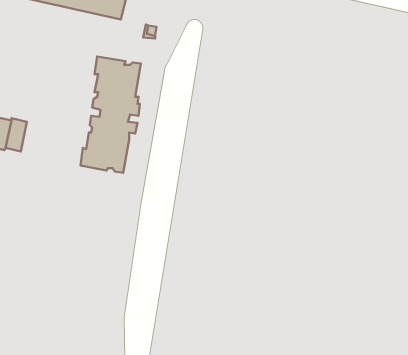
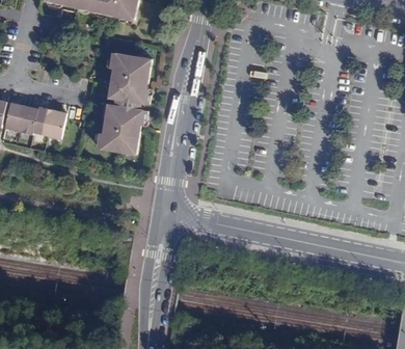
building: none -> [45,109,64,138]

